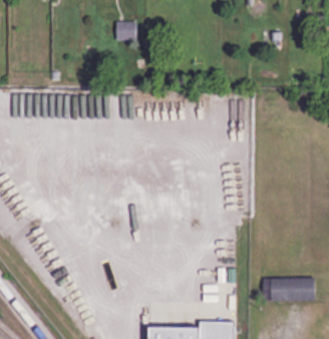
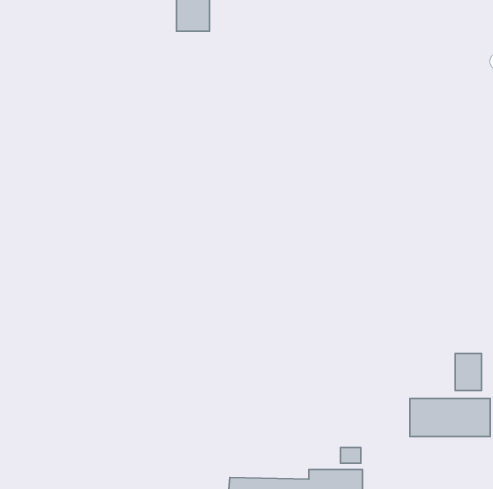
building: none -> [455,353,482,391]

